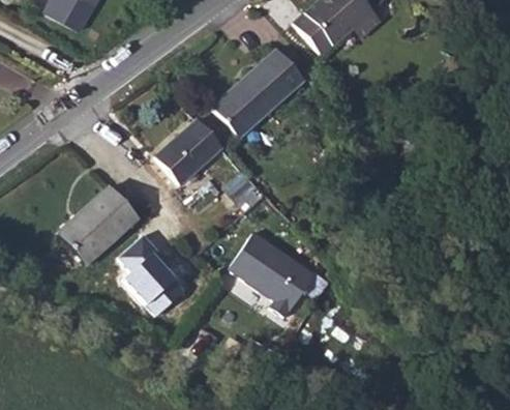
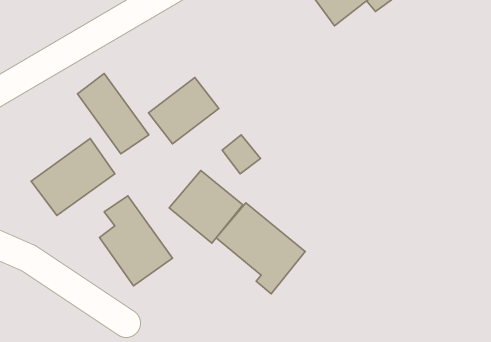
building: [213,50,305,140] -> none
building: none -> [77,73,149,154]
building: none -> [169,170,243,243]

